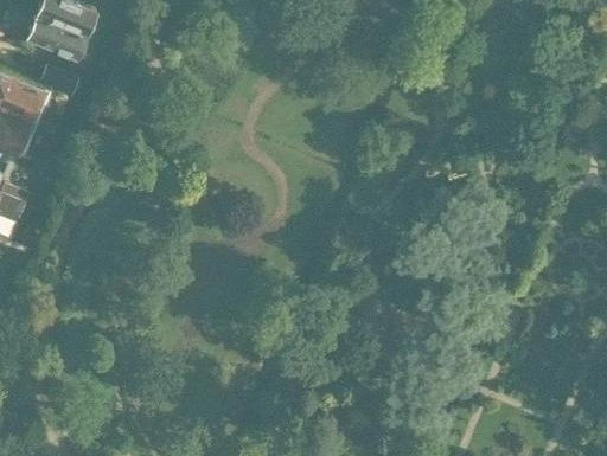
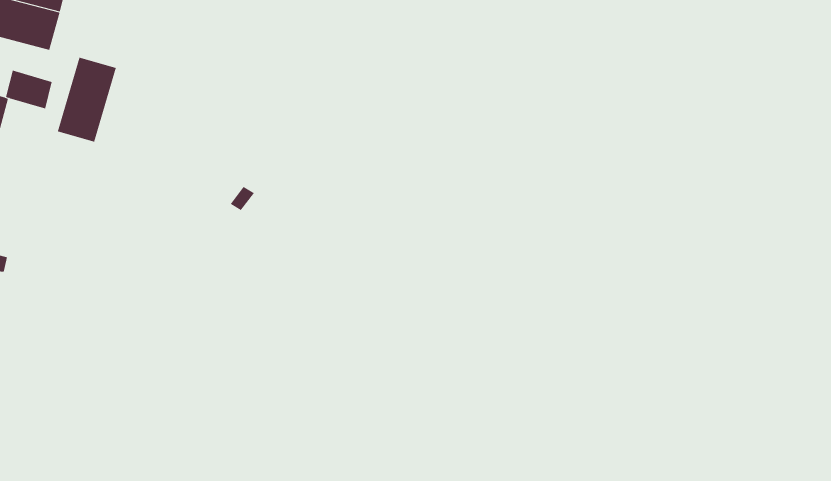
building: none -> [57,57,117,142]

